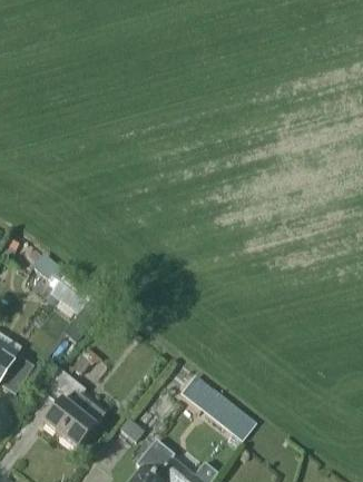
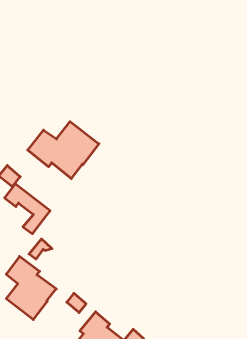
building: none -> [28,122,99,179]
building: [180,374,257,441] -> none

